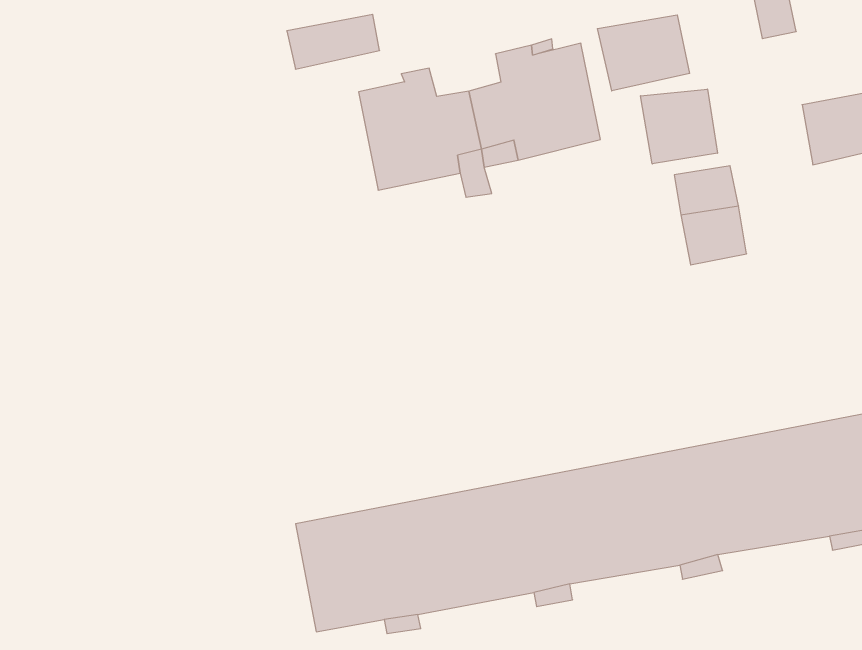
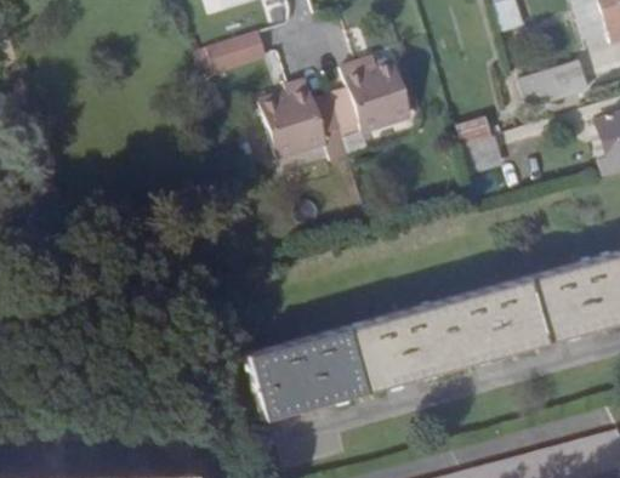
building: [597,15,690,91] -> none
building: [641,89,717,164] -> none

